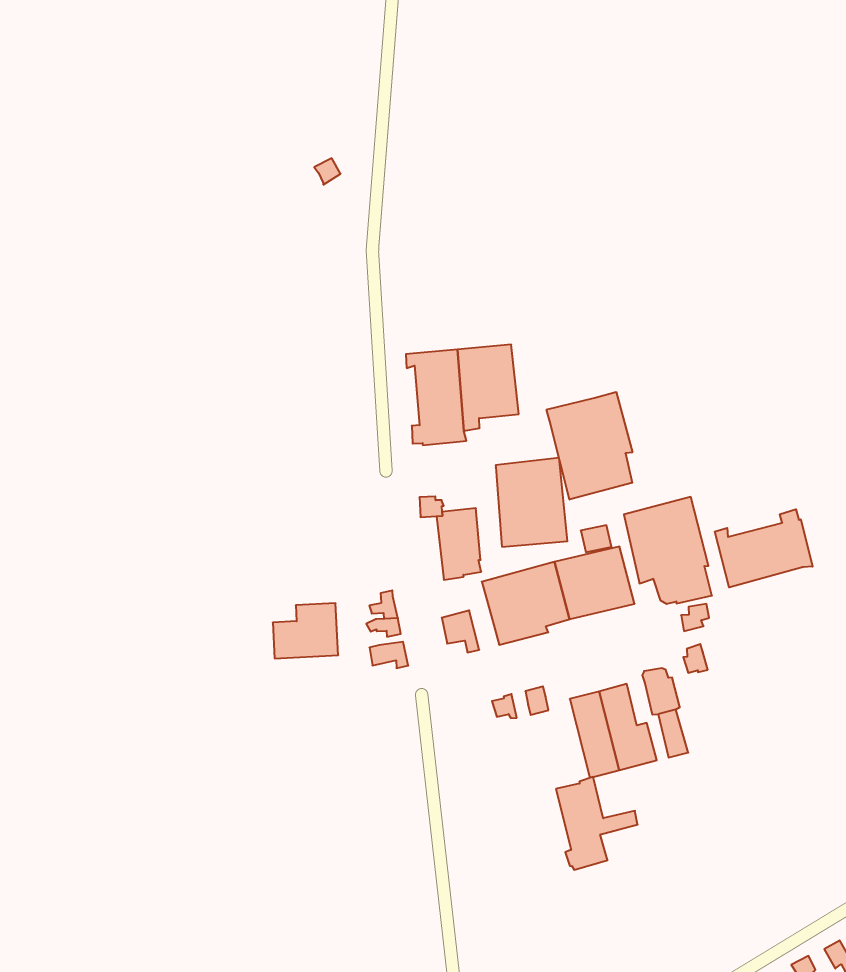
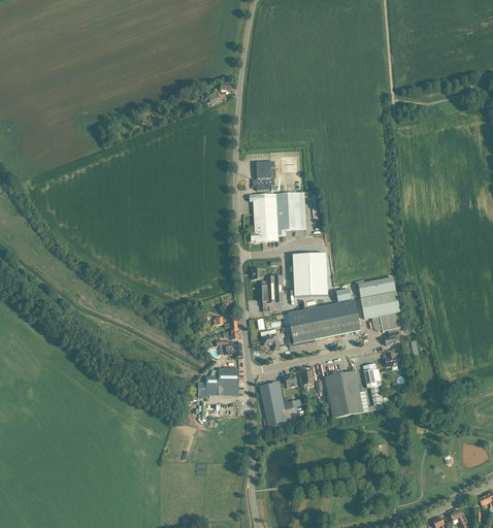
building: none -> [254,161,273,190]
building: [547,392,632,500] -> none
building: [715,509,813,587] -> none
building: [273,603,338,658] -> [205,367,238,394]
building: [556,777,638,870] -> [259,380,300,427]

